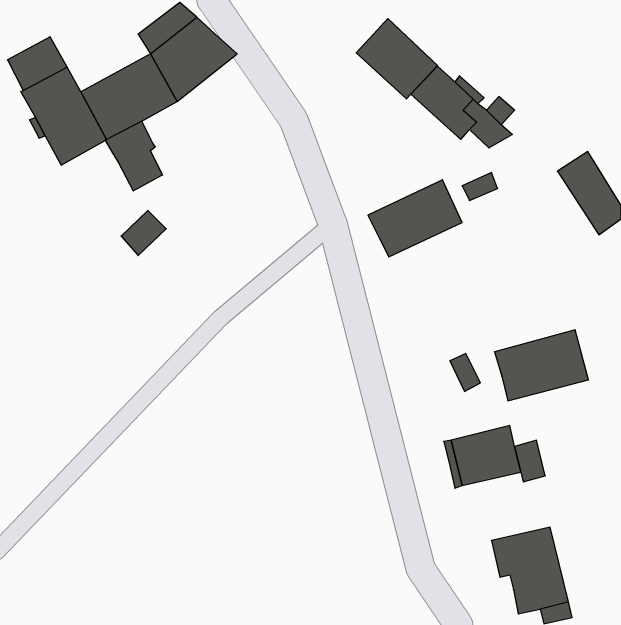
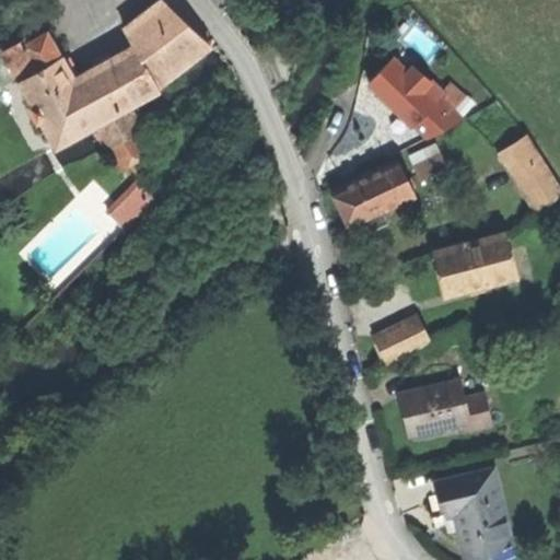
building: [356,19,438,99] -> none
building: [494,330,588,401] -> [432,233,516,296]
building: none -> [373,323,416,364]

